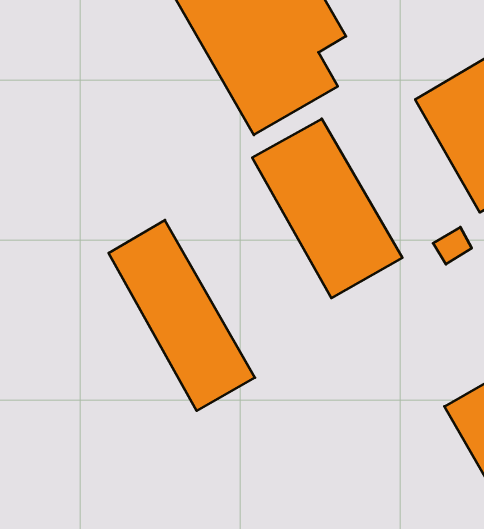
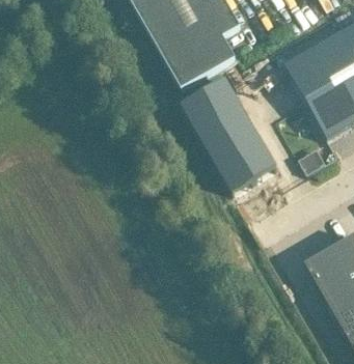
building: [109,220,255,411] -> none

